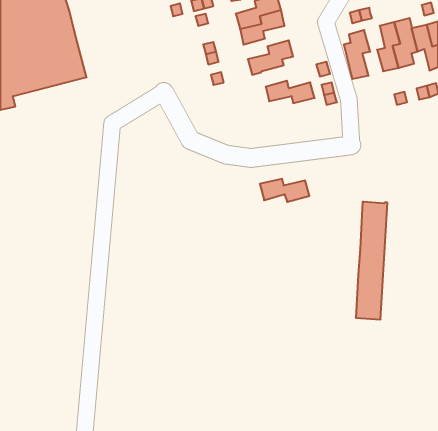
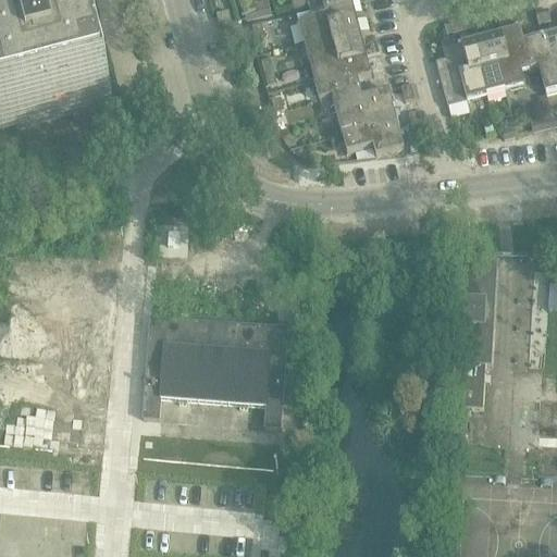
building: none -> [309,33,367,75]
building: none -> [460,33,488,96]
building: none -> [332,83,394,112]
building: [260,179,309,202] -> [342,122,405,151]
building: none -> [143,312,288,424]

